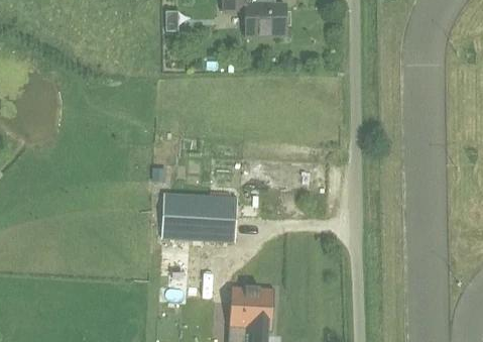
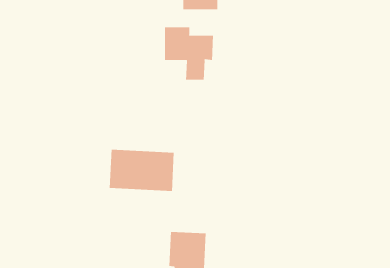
building: none -> [164,26,213,80]

